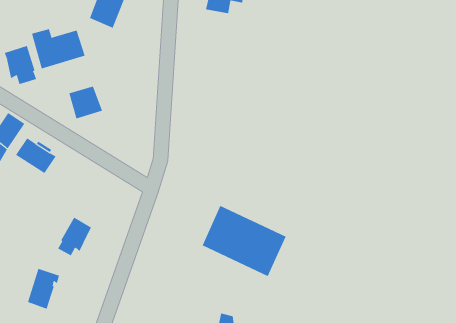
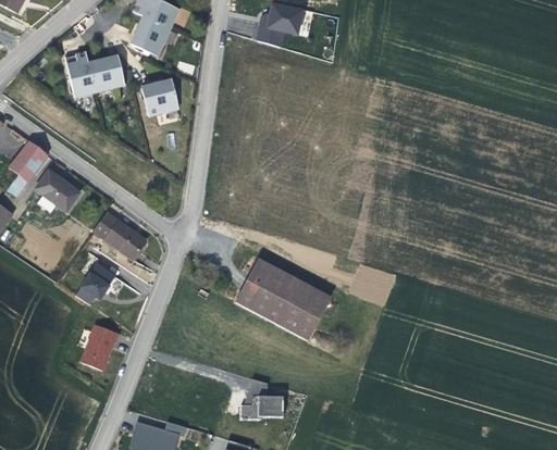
building: [4,45,37,85] -> none
building: [68,86,103,119] -> [137,79,174,115]
building: none -> [94,213,146,260]
building: [27,268,60,310] -> [82,325,120,372]

